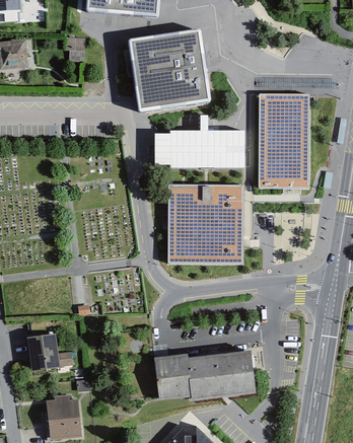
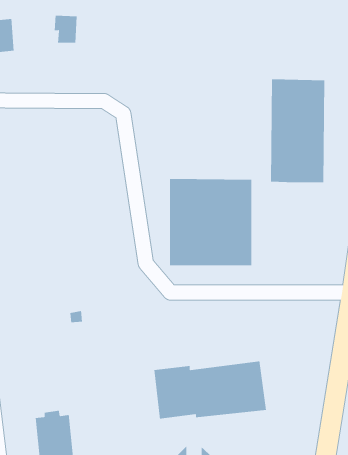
building: [127,31,210,114] -> none
building: [154,114,244,166] -> none
building: [26,333,72,371] -> none

